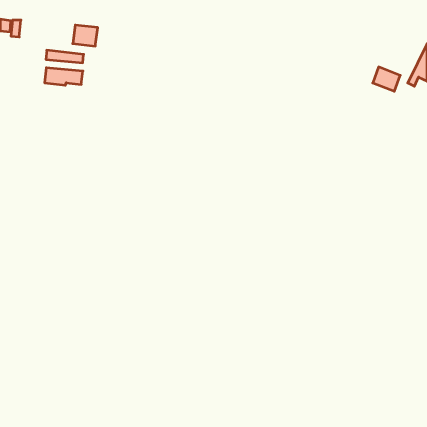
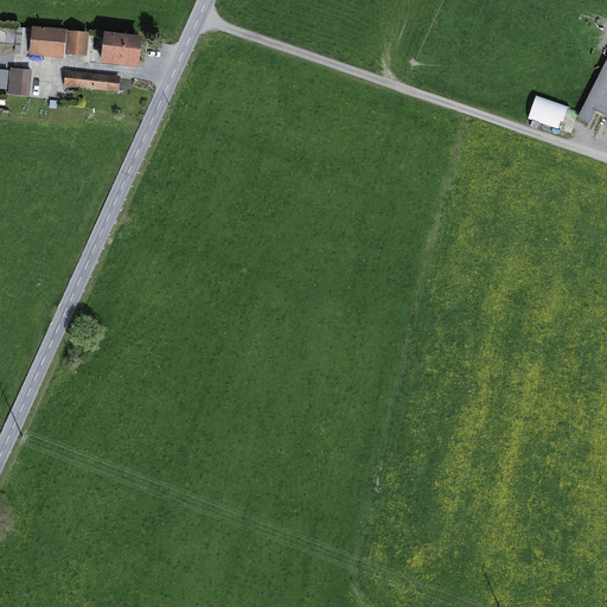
building: none -> [8,68,31,95]
building: [45,68,83,85] -> [32,30,87,55]

